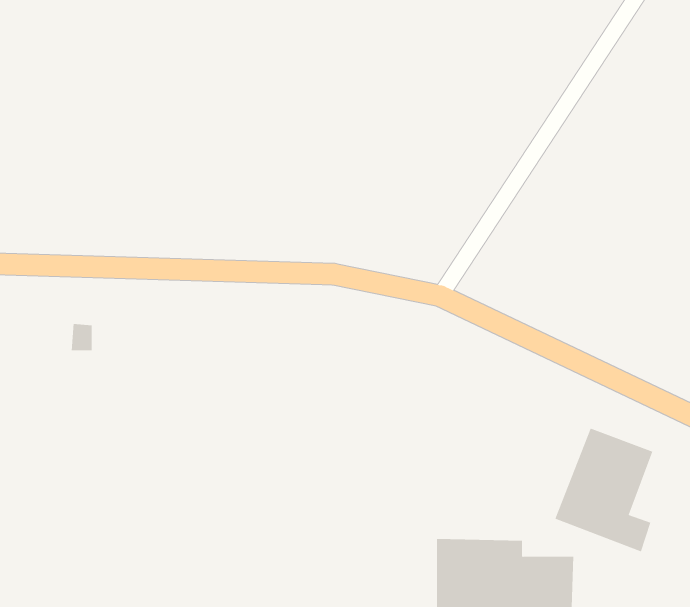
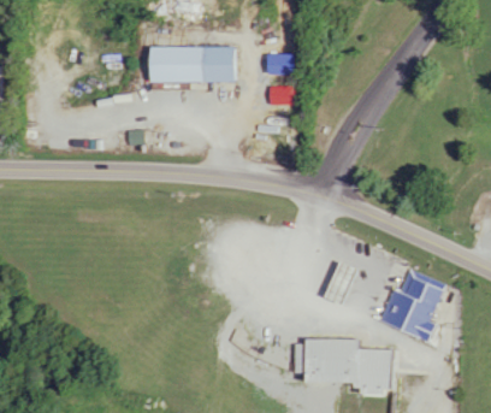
building: none -> [149,47,235,82]

